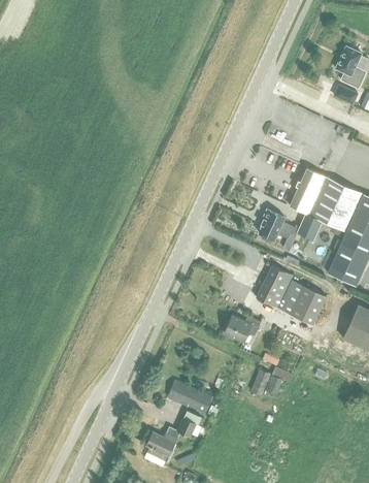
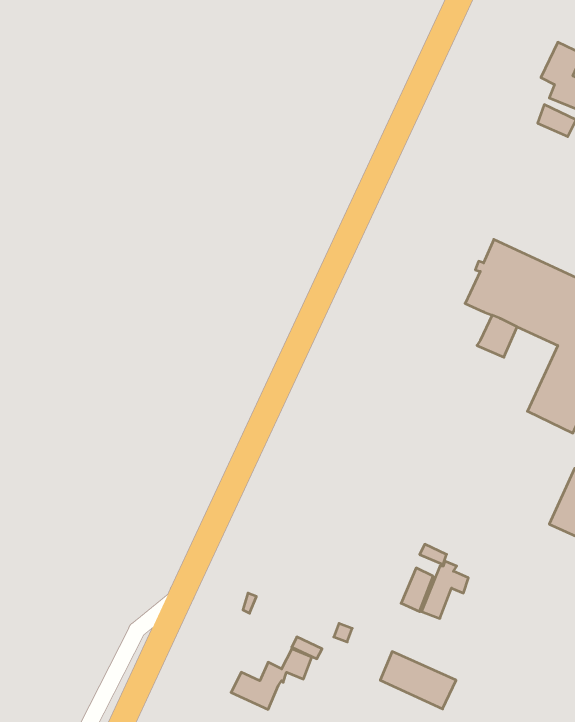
building: [259,210,299,240] -> none
building: [256,262,325,326] -> none
building: [223,314,261,341] -> none
building: [167,379,213,414] -> [380,652,456,709]

